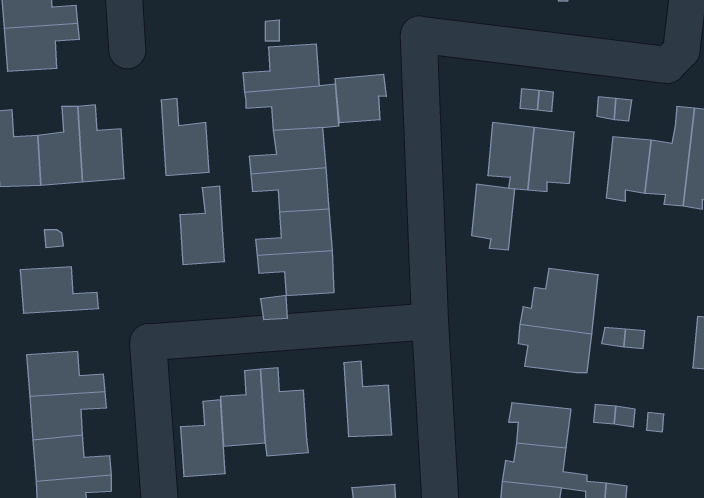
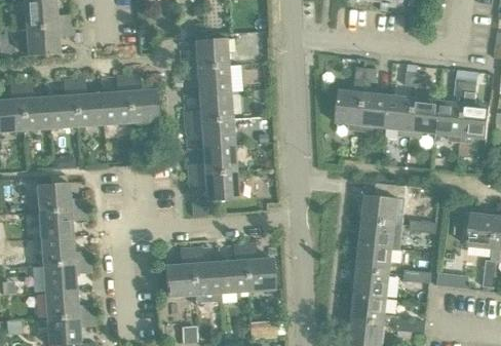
building: [335,74,386,123] -> none
building: [472,184,515,250] -> [388,95,416,138]
building: [180,186,225,265] -> [101,75,129,125]
building: none -> [38,208,87,238]
building: none -> [351,245,392,273]
building: [180,400,225,477] -> [218,243,246,293]

